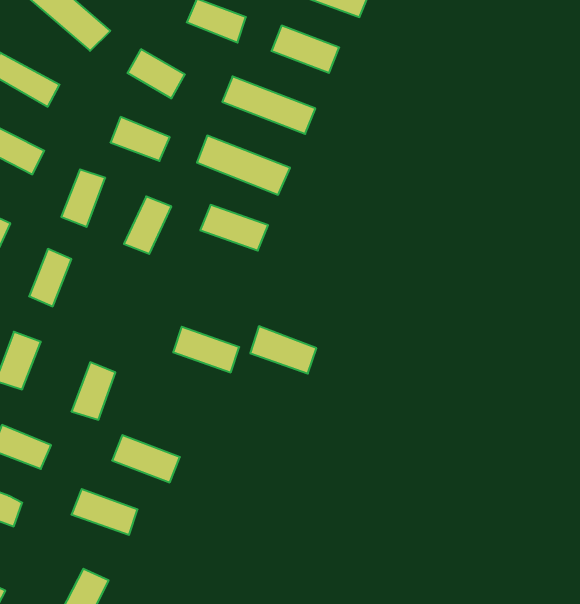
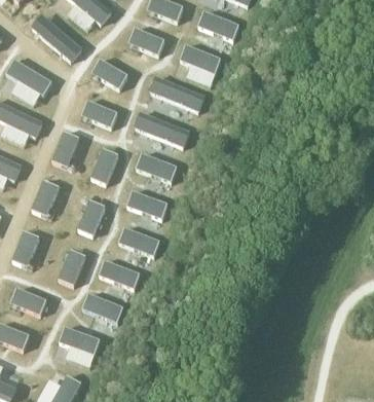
building: none -> [77,200,105,236]
building: [250,326,316,374] -> [126,190,166,219]
building: none -> [99,260,139,288]

